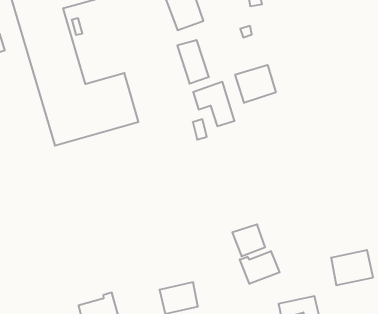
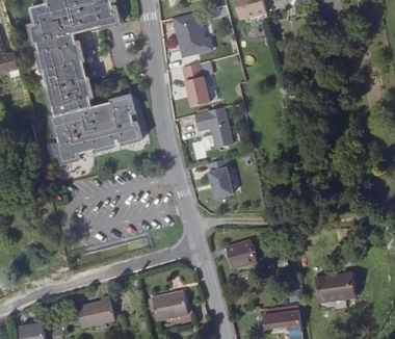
building: [235,65,276,103] -> none
building: none -> [209,167,234,197]
building: [240,251,280,284] -> none

